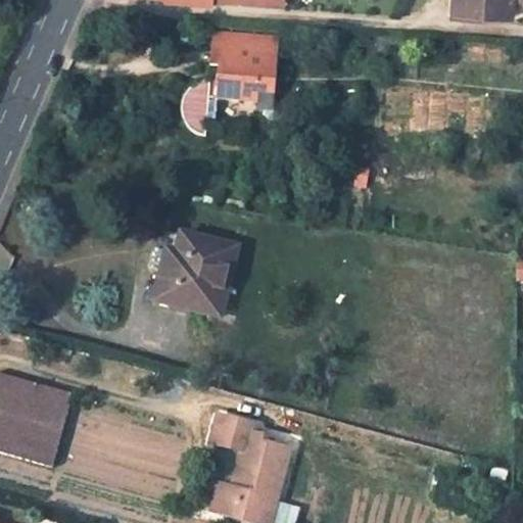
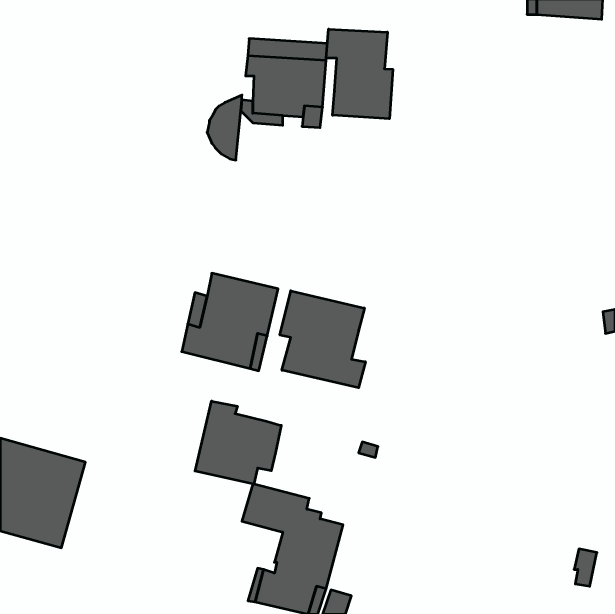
building: none -> [326,29,393,119]
building: none -> [280,291,365,388]
building: none -> [195,401,281,484]

